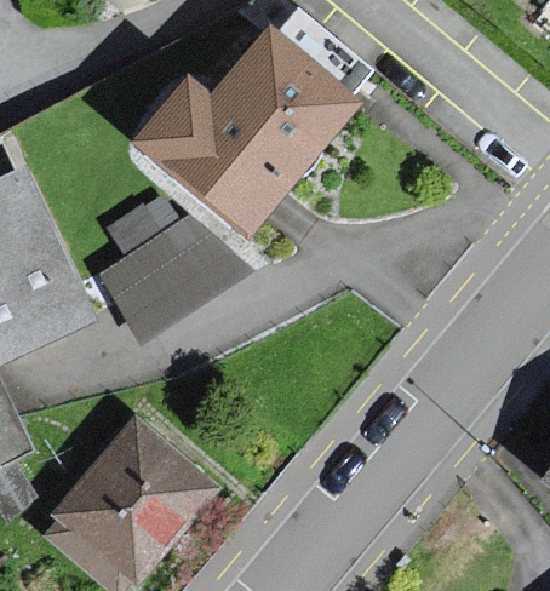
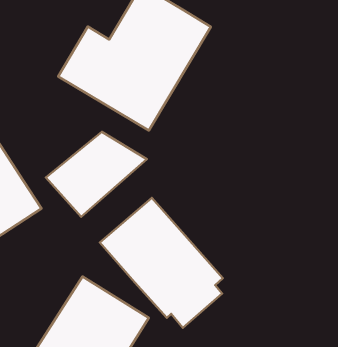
building: none -> [100,198,223,328]

